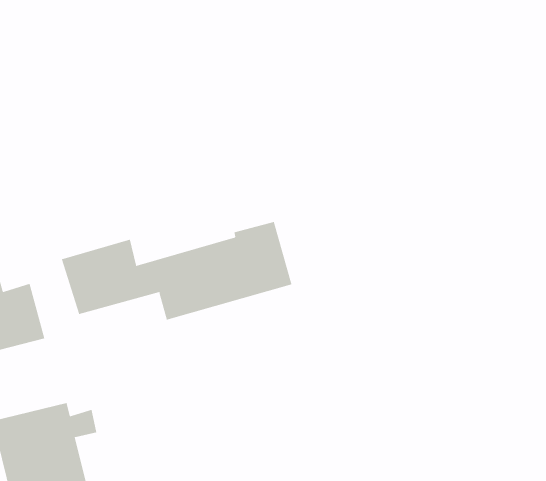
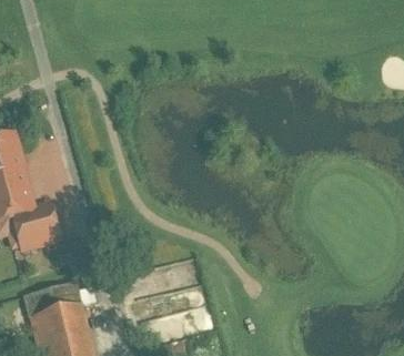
building: [61,221,292,321] -> none

